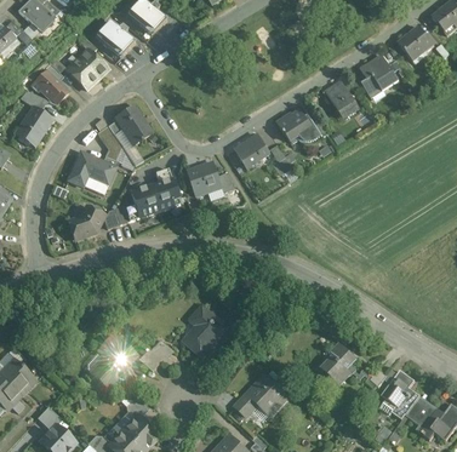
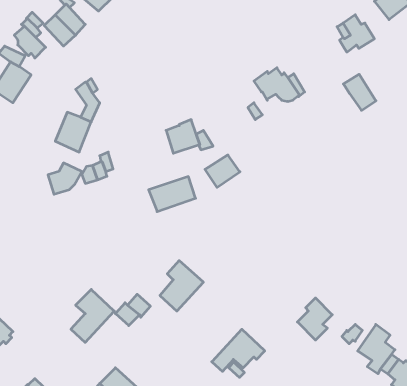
building: [325,82,358,119] -> [343,74,376,110]
building: [114,105,150,144] -> none
building: [234,136,269,168] -> [205,155,240,187]
building: [133,174,181,210] -> [149,177,196,212]

